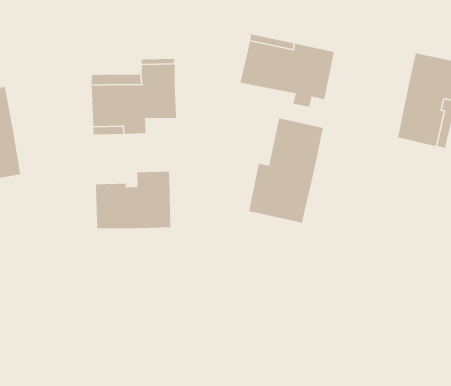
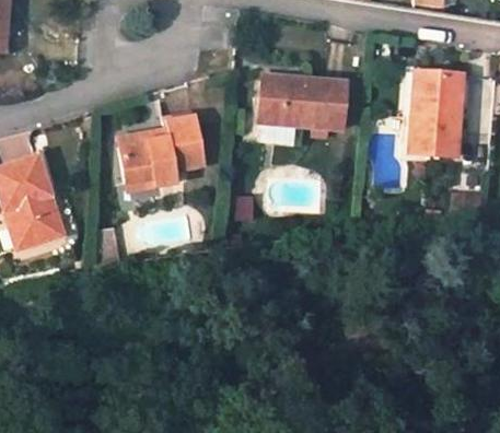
building: [248,117,324,224] -> none
building: [95,171,171,229] -> none

